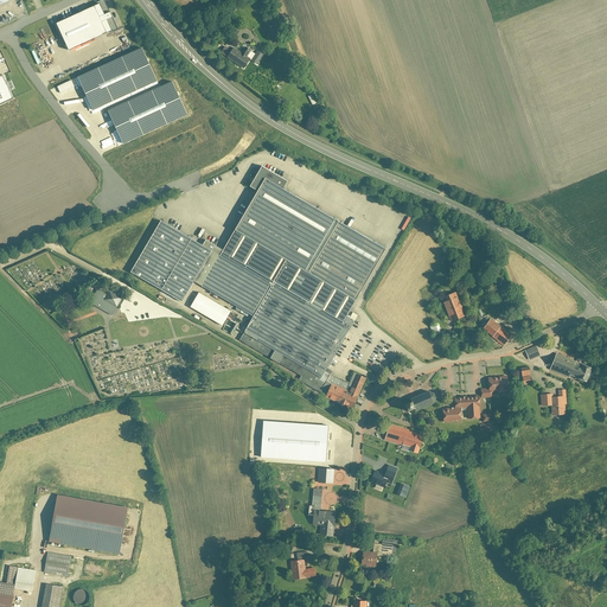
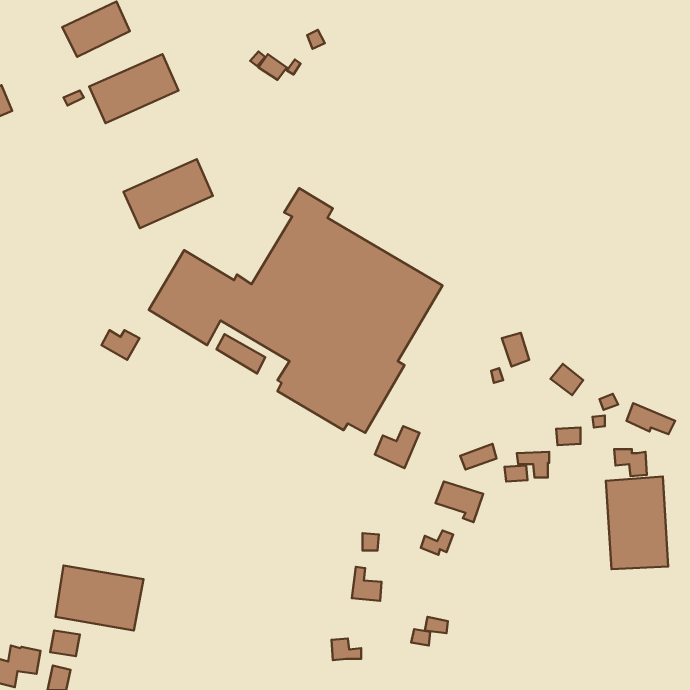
building: [108,82,186,142] -> [124,159,213,228]
building: none -> [606,477,668,569]
building: [261,422,327,460] -> none

